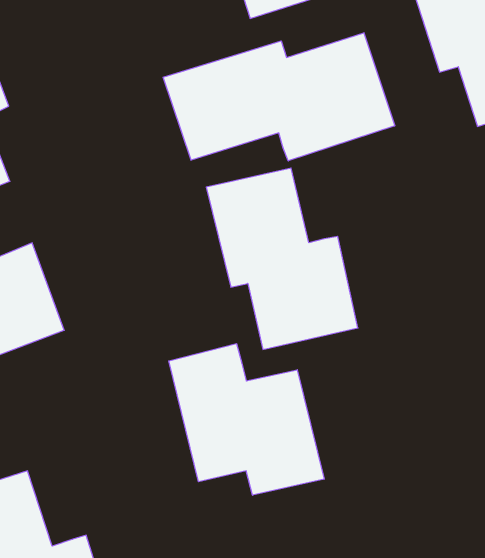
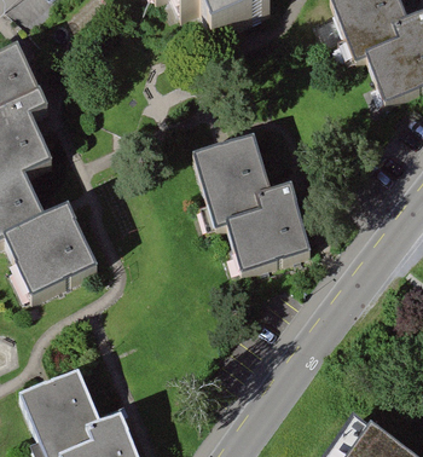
building: [163,33,395,161] -> none
building: [169,344,324,495] -> none

